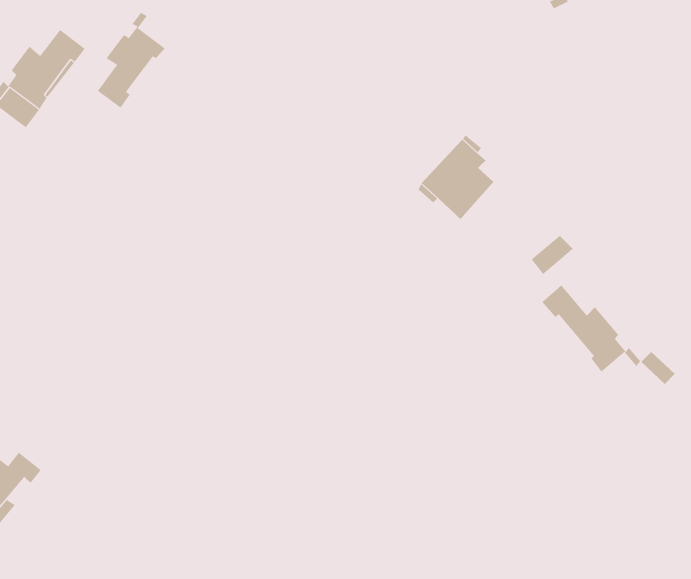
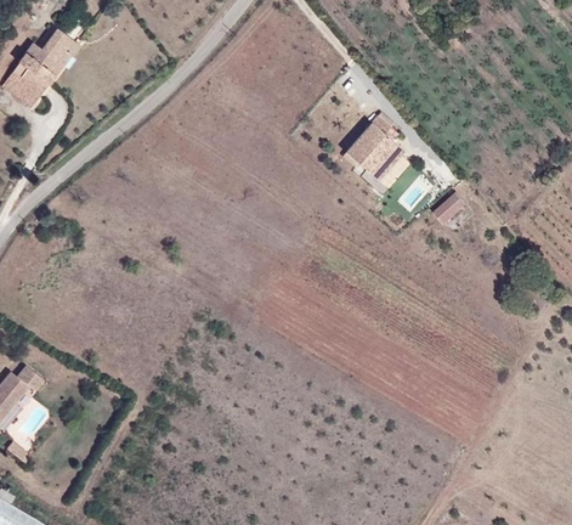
building: [97,12,166,108] -> none
building: [541,285,641,372] -> none

